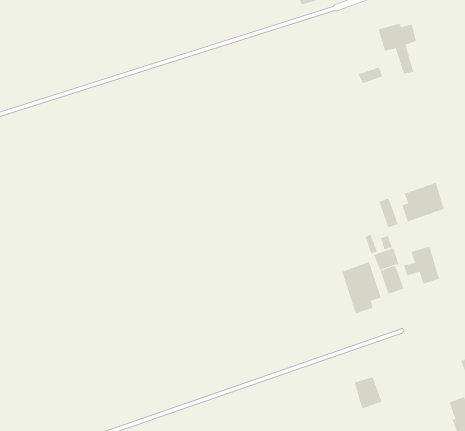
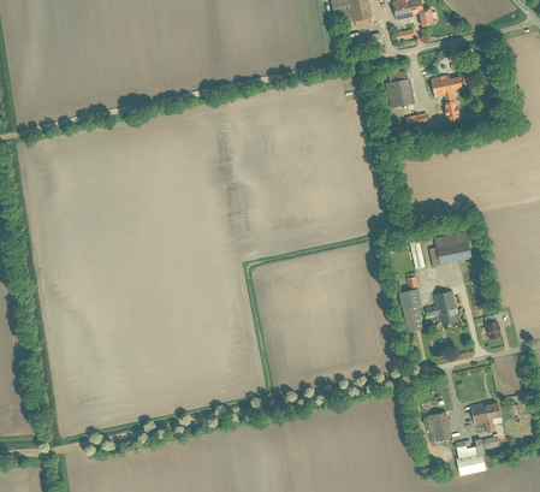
building: none -> [384,70,413,109]
building: [341,261,382,314] -> none
building: [354,376,382,409] -> [427,410,452,440]

